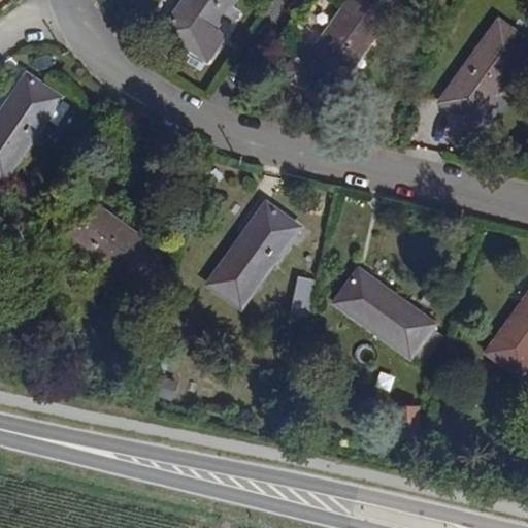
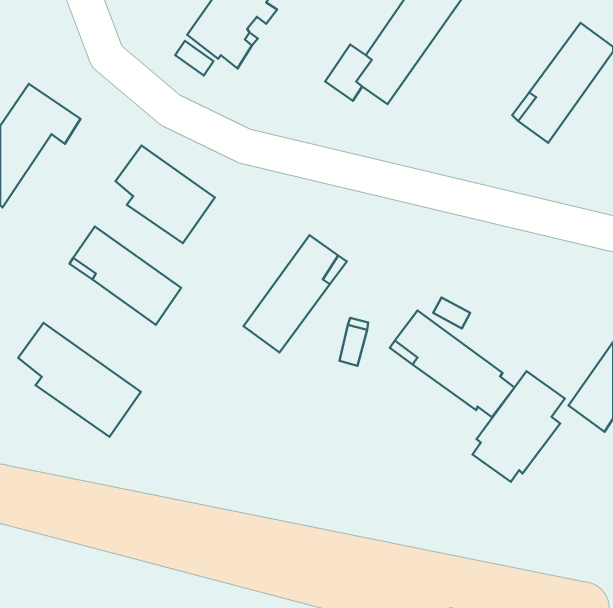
building: none -> [116,145,215,243]
building: none -> [18,323,141,437]
building: none -> [473,371,565,482]

